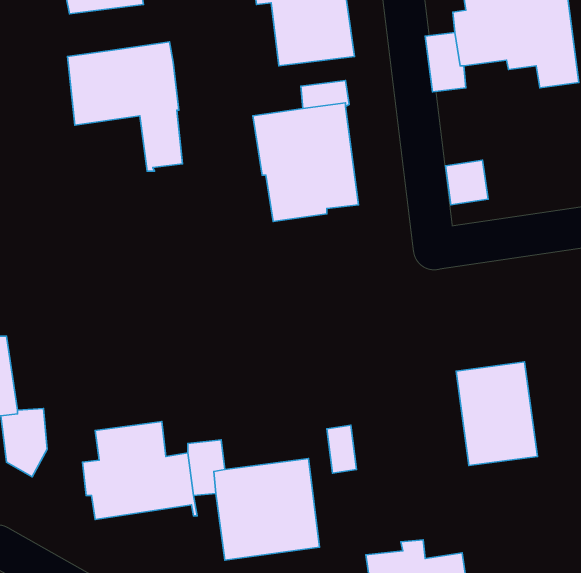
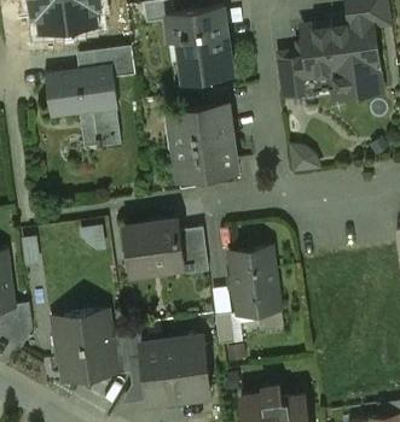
building: none -> [76,46,134,77]
building: none -> [124,222,208,272]
building: [456,362,538,466] -> [227,247,280,315]

